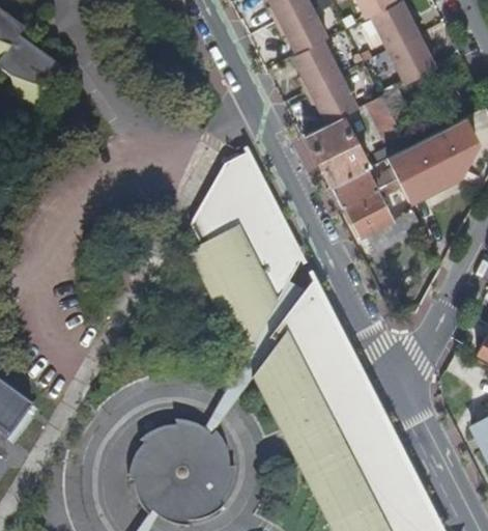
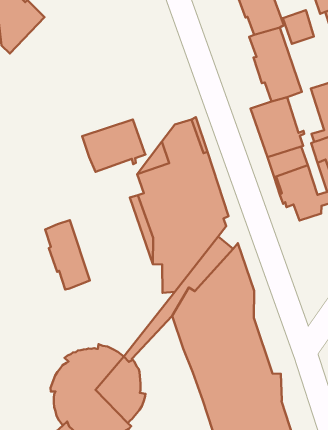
building: none -> [283,10,314,44]
building: none -> [82,119,145,172]
building: none -> [45,220,90,290]

